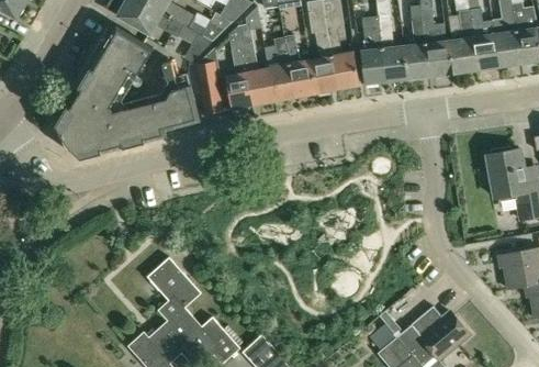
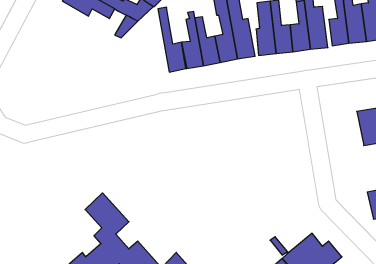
building: [55,25,200,159] -> none
building: [226,25,252,111] -> none
building: [198,60,224,113] -> none

